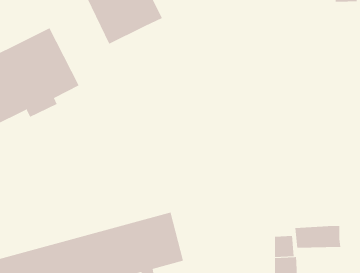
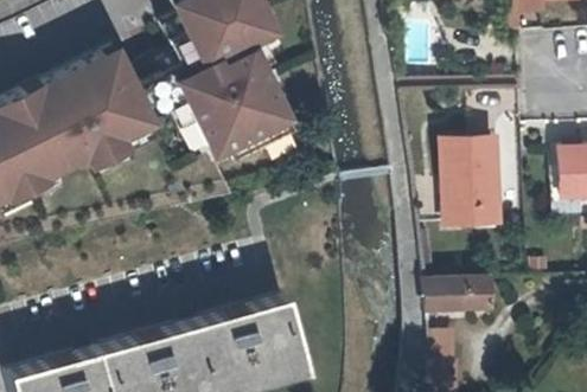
building: none -> [172,39,288,155]
building: none -> [448,139,500,221]
building: [295,225,341,248] -> [429,278,495,310]

